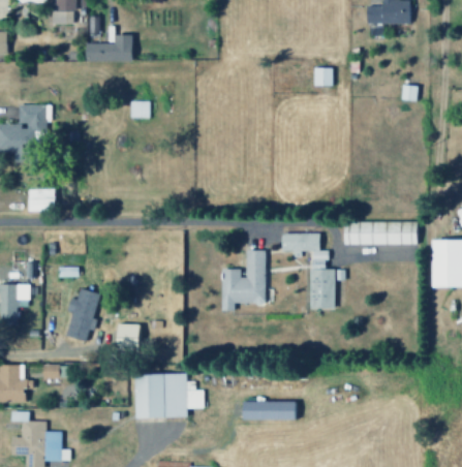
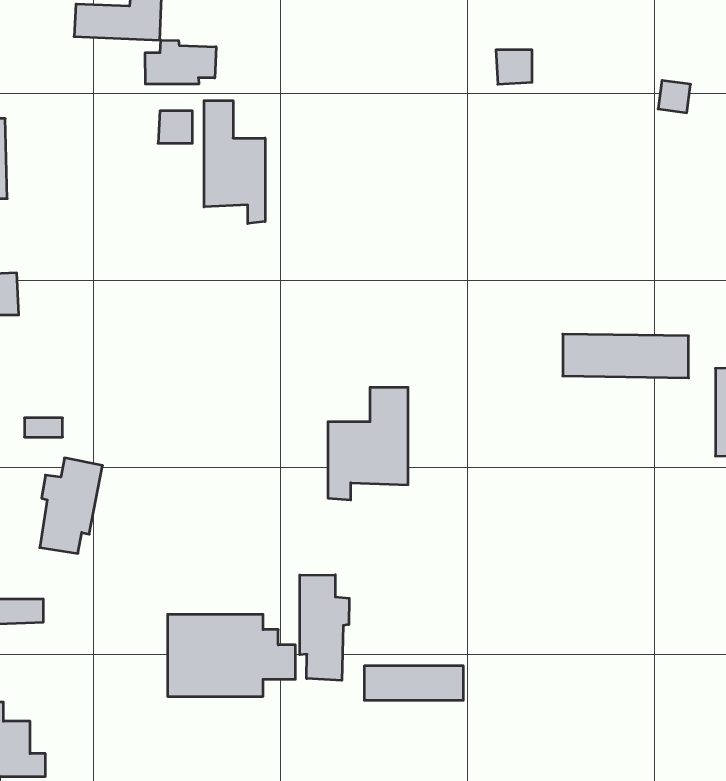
building: none -> [145,40,216,84]
building: none -> [204,101,265,224]
building: [282,232,345,309] -> none
building: [116,323,138,350] -> none
building: none -> [300,575,349,680]

